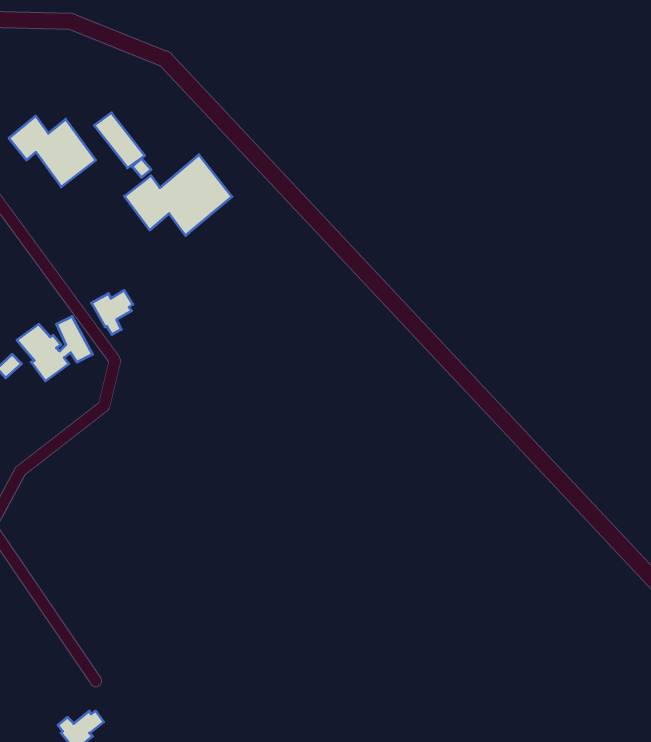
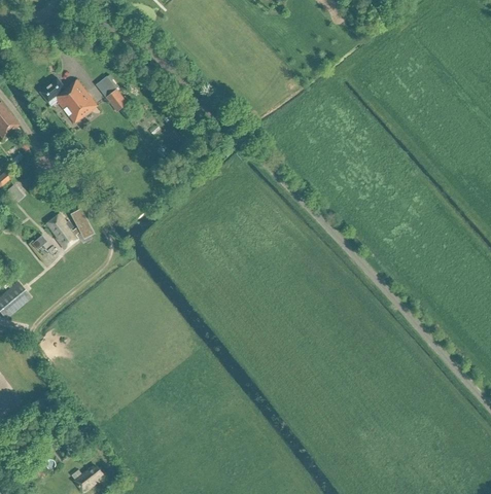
building: [124,155,232,236] -> none
building: [91,290,133,335] -> none

